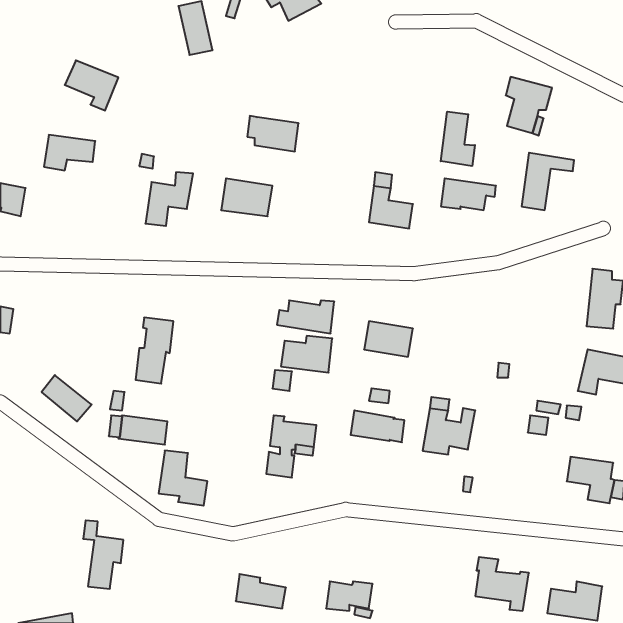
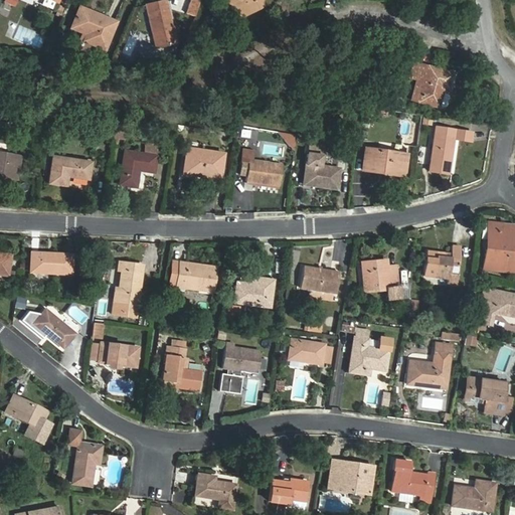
building: [65,60,118,111] -> [72,7,117,48]
building: [441,112,475,166] -> none
building: [247,116,299,151] -> [241,157,284,186]
building: [44,135,95,170] -> [49,156,92,185]
building: none -> [425,243,463,286]
building: [277,300,334,333] -> [170,265,217,292]
building: none -> [31,251,73,274]
building: none -> [363,264,400,300]
building: none -> [407,360,450,386]
building: [159,451,207,506] -> [163,345,203,390]
building: none -> [6,394,51,443]
building: none -> [329,460,374,493]

